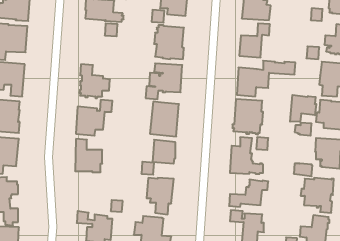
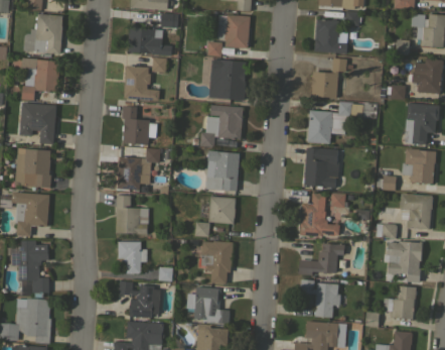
building: none -> [125,66,160,100]
building: [290,95,316,122] -> none
building: none -> [118,242,148,273]

